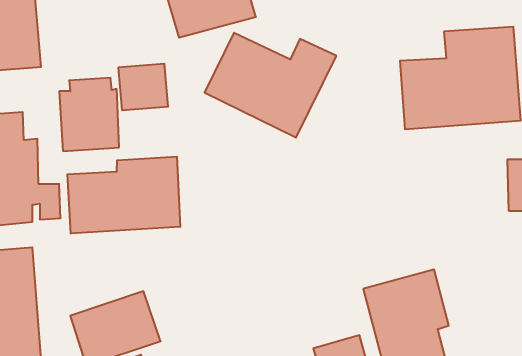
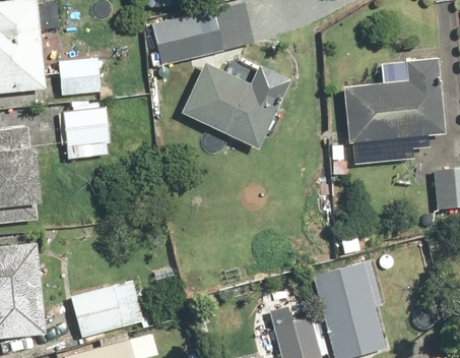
building: [118,64,168,110] -> [59,57,101,96]
building: [67,157,180,234] -> none

